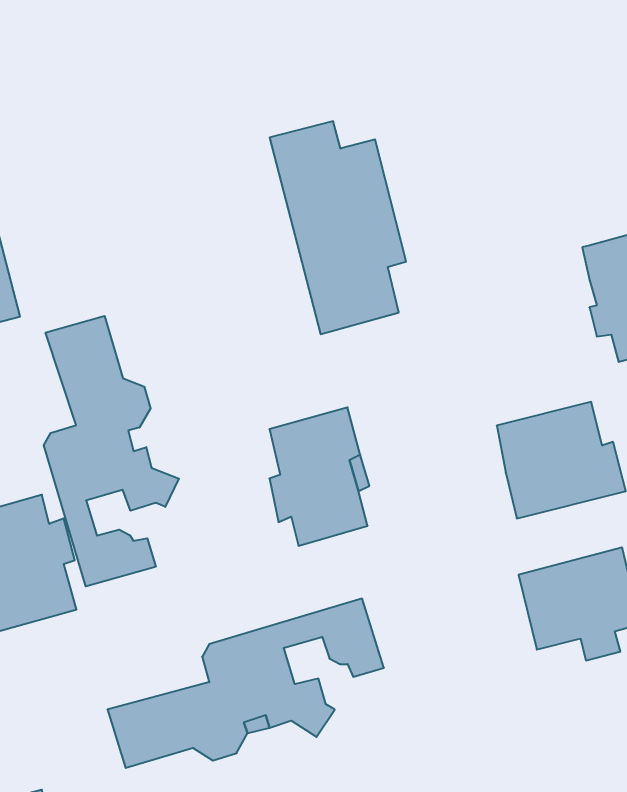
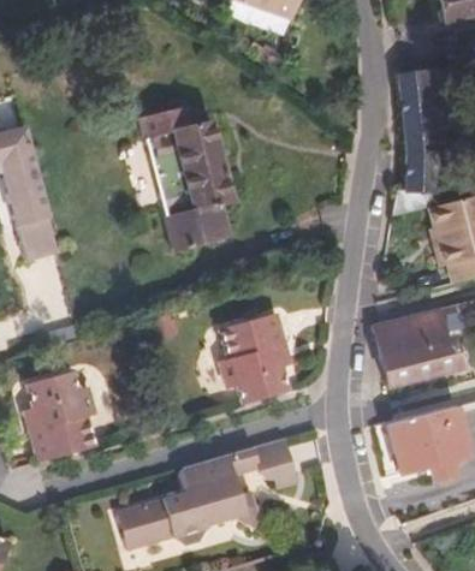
building: none -> [392,69,445,214]
building: [270,121,406,334] -> [142,107,232,248]
building: [44,316,179,586] -> none

